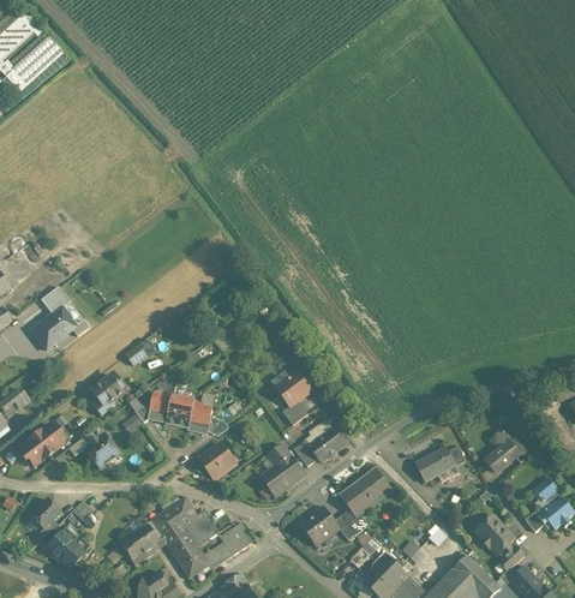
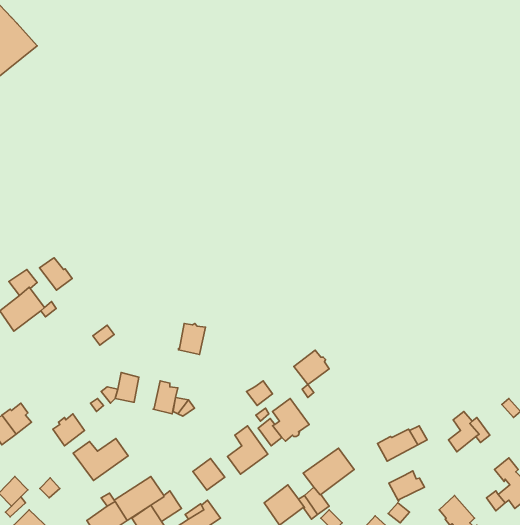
building: none -> [40,258,72,290]
building: [275,372,311,407] -> [294,350,329,384]
building: [92,376,124,415] -> none
building: [166,397,193,429] -> [178,324,206,354]
building: [200,445,233,478] -> [193,458,225,490]
building: none -> [73,438,128,481]
building: none -> [389,471,424,501]

